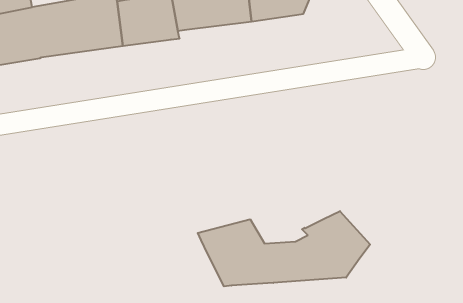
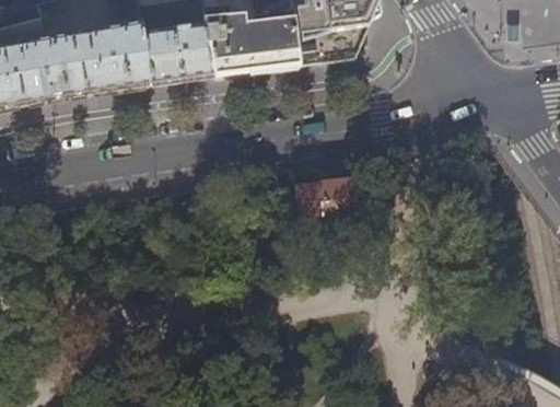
building: none -> [299,178,354,213]
building: [198,211,370,286] -> none

